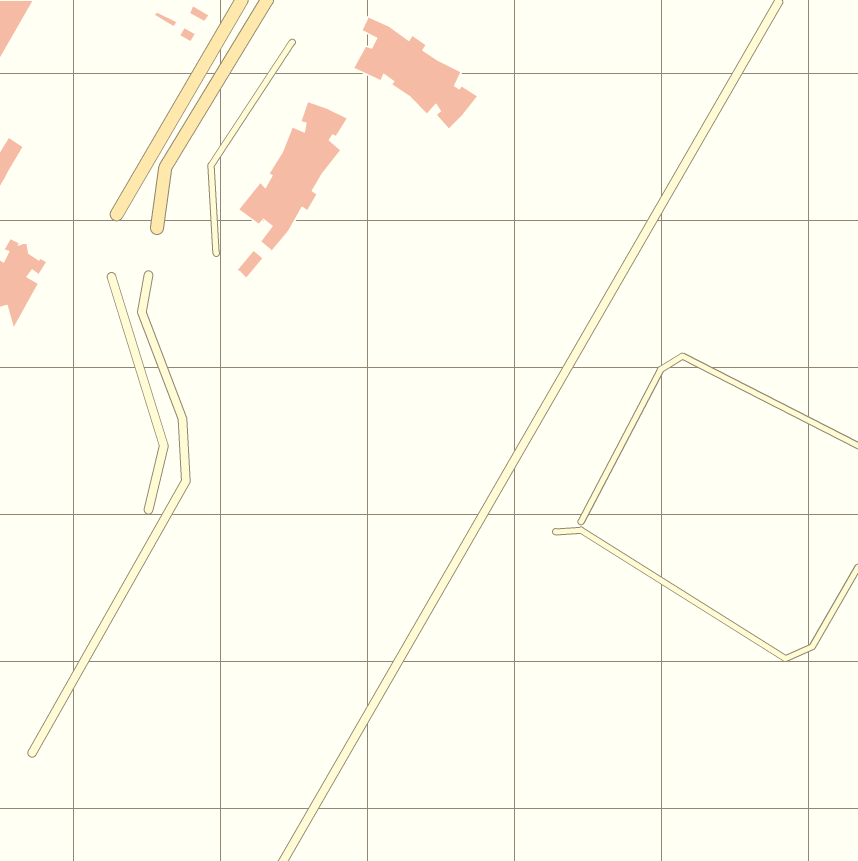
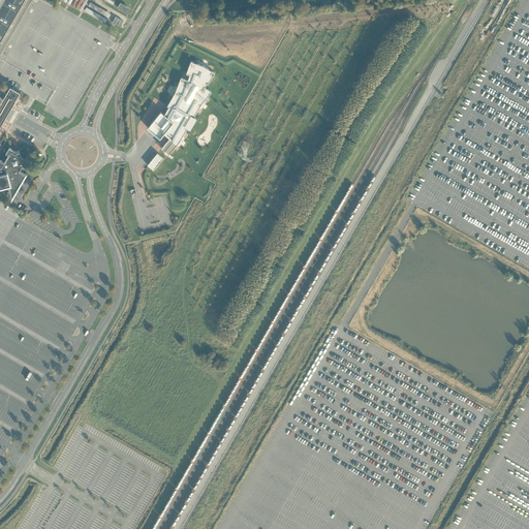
building: [353,16,478,129] -> none

